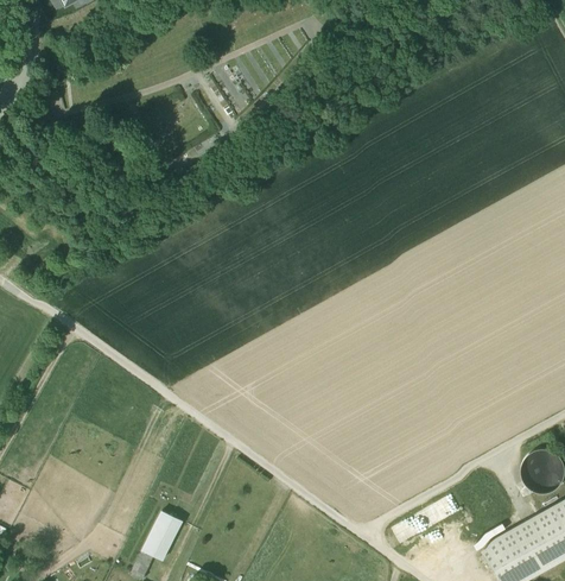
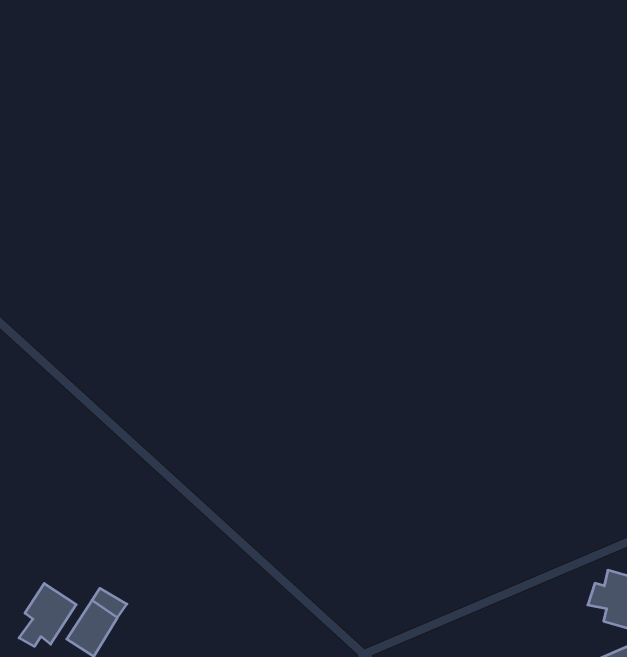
building: none -> [19,583,76,646]

